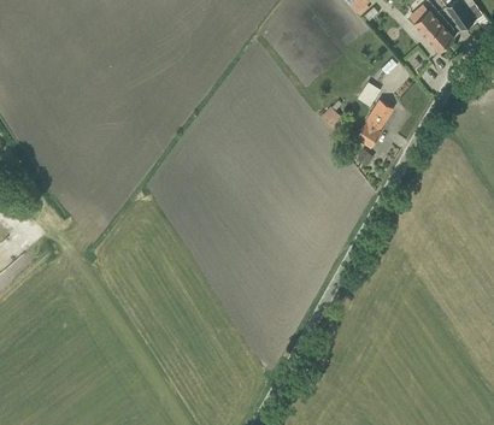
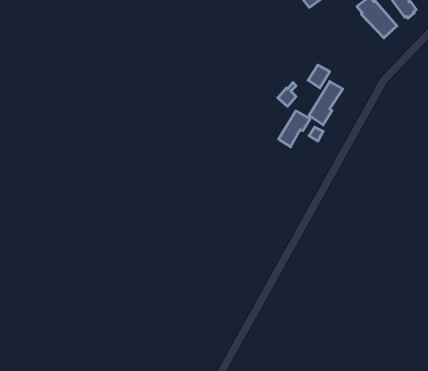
building: none -> [279,111,310,147]

